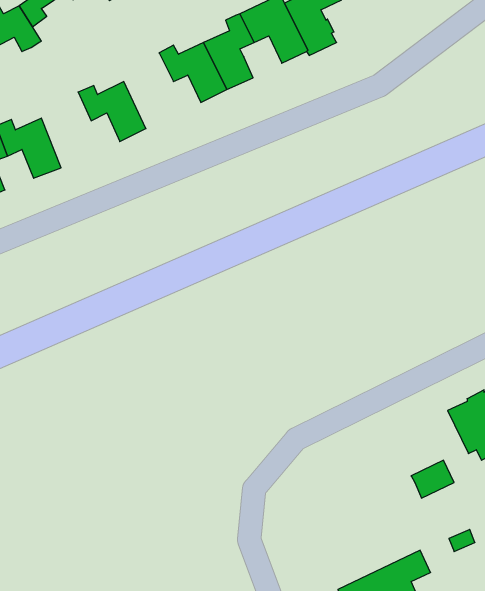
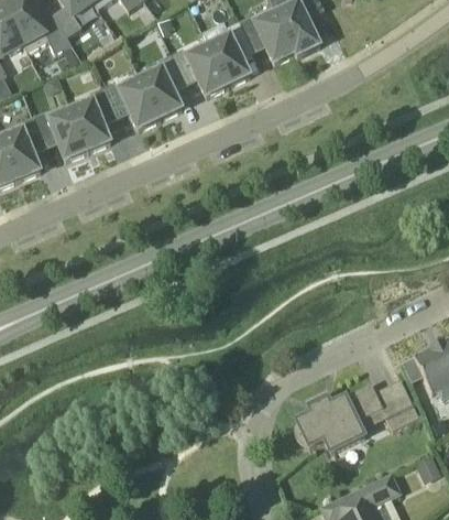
building: none -> [141,54,183,118]
building: none -> [72,87,113,151]
building: none -> [294,383,382,452]

